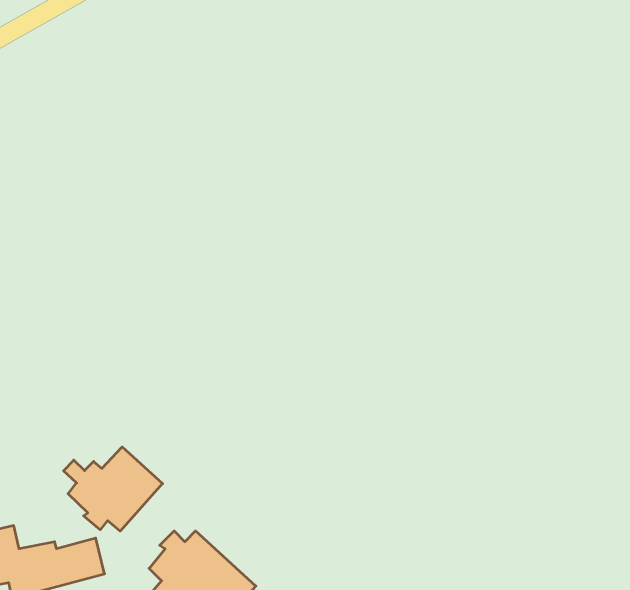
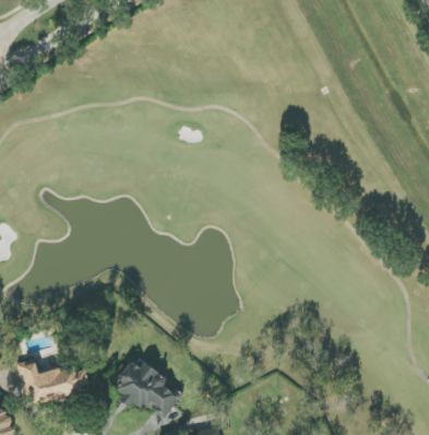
building: [64,447,163,531] -> none

